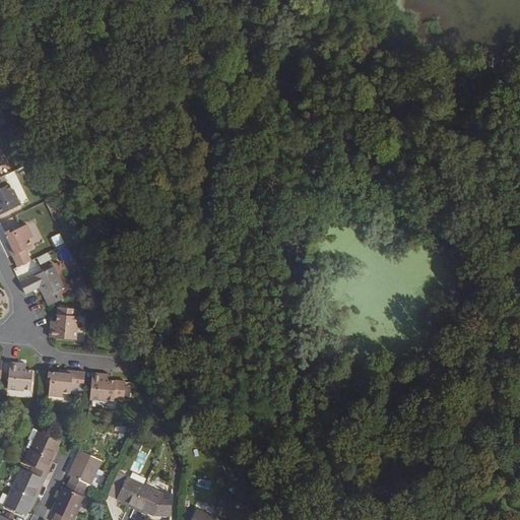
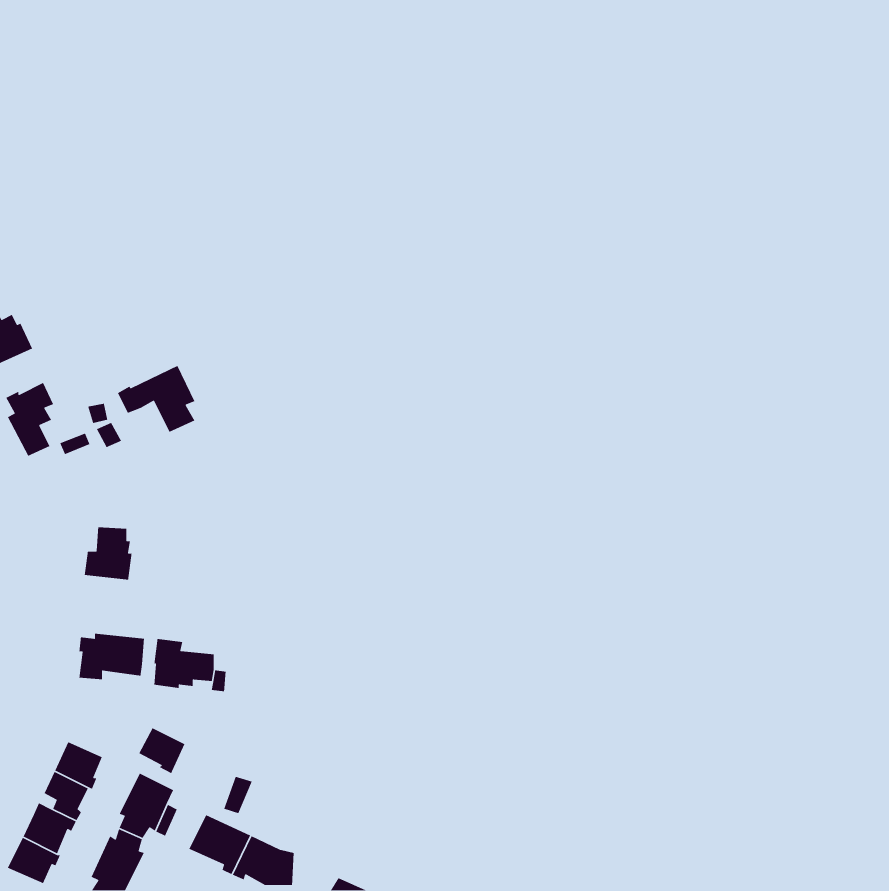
building: [17,265,63,305] -> [117,365,195,433]
building: [5,362,31,391] -> none
building: none -> [138,727,185,774]

